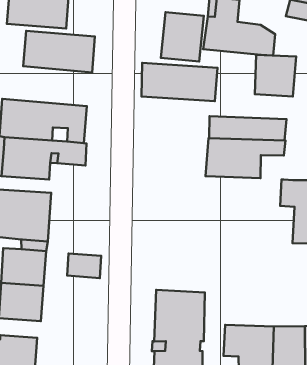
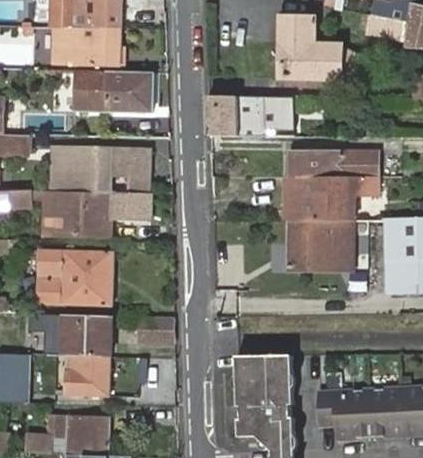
building: [161,12,204,62] -> none
building: [255,55,296,96] -> none
building: none -> [286,221,351,271]

